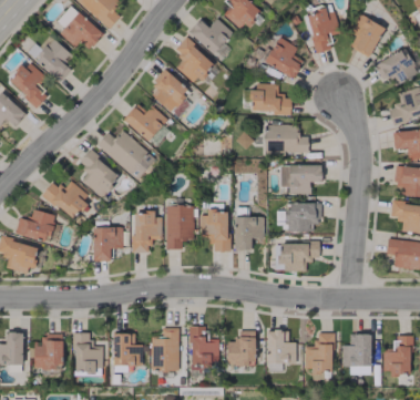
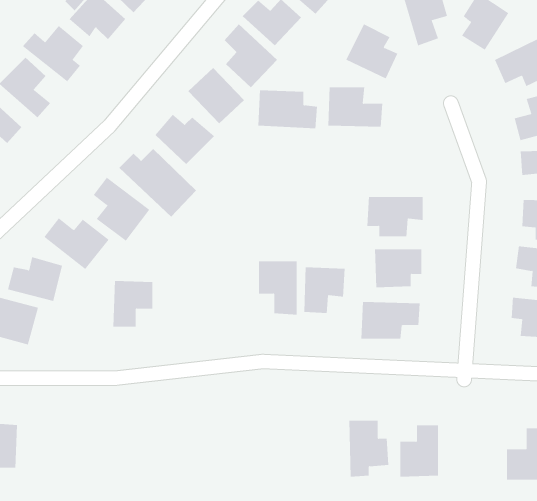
building: [265,125,309,154] -> [258,90,318,129]
building: [166,206,194,250] -> none
building: [133,214,162,253] -> none
building: [189,327,219,376] -> none
building: [151,328,180,372] -> none
building: [228,331,256,366] -> none
building: [74,332,103,373] -> none
building: [113,334,143,372] -> none
building: [341,334,371,376] -> none
building: [34,335,64,370] -> none

